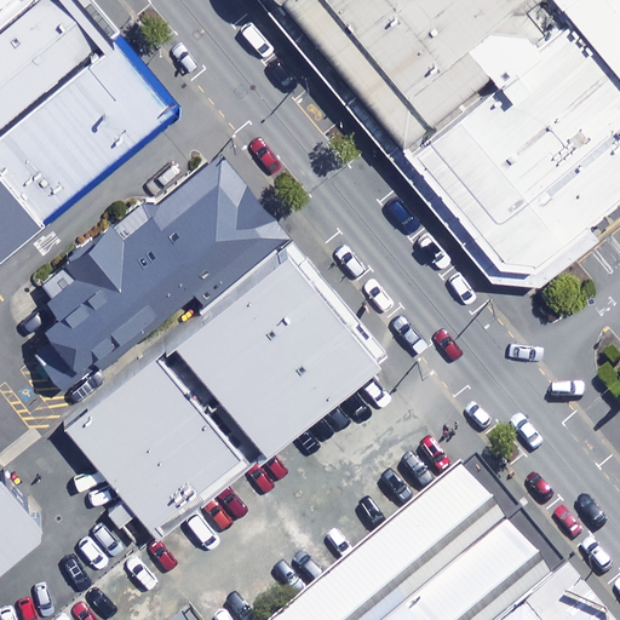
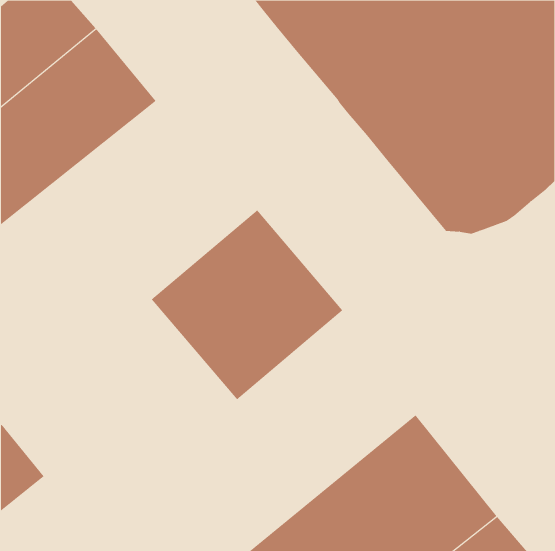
building: [33,150,287,388] -> none
building: [59,369,242,552] -> none

